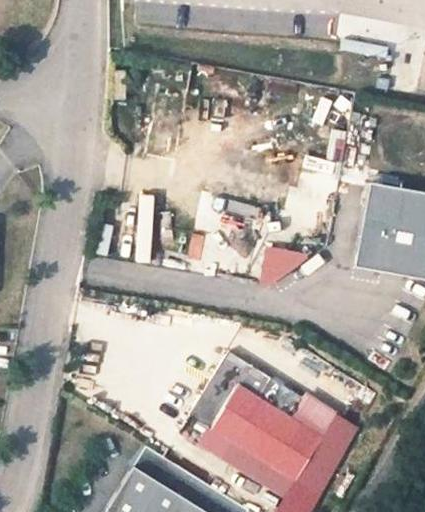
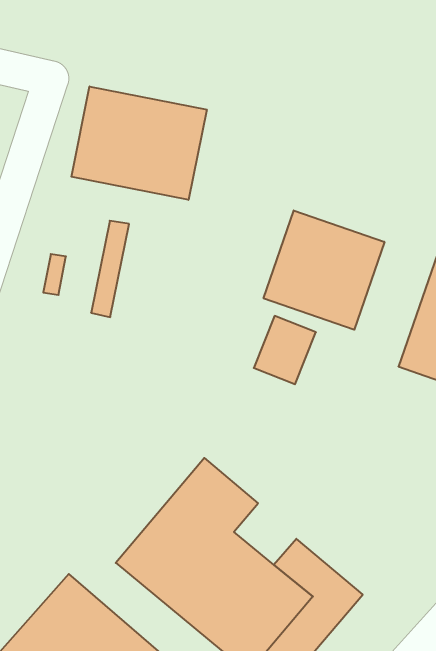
building: none -> [71,86,207,200]
building: none -> [264,210,384,330]

